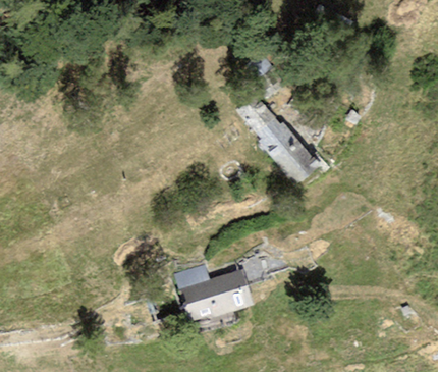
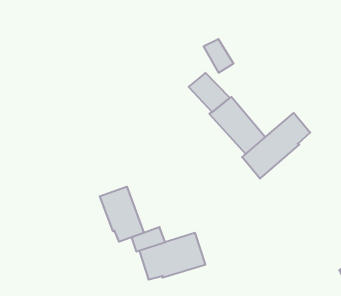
building: none -> [242,113,310,179]
building: none -> [100,187,144,242]

